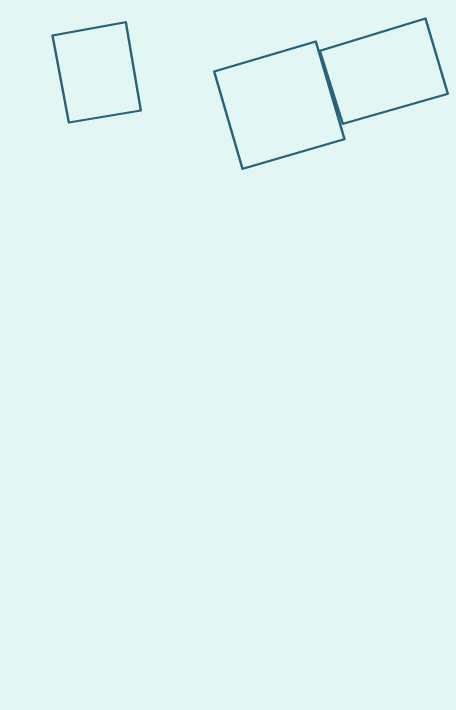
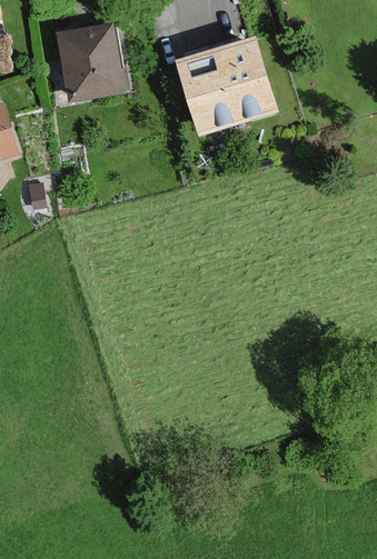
building: [320,18,448,124] -> none

